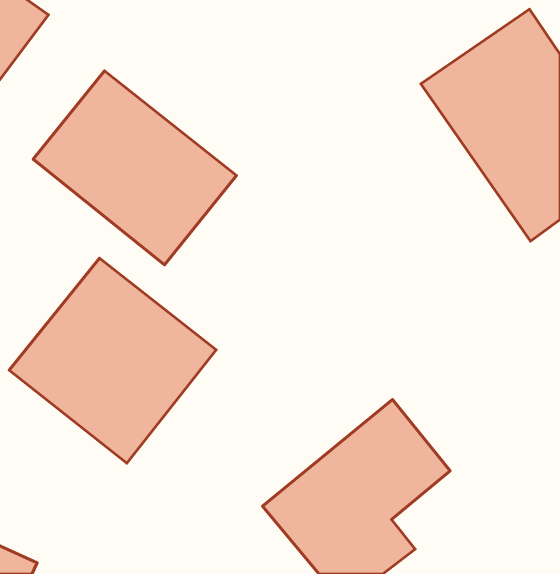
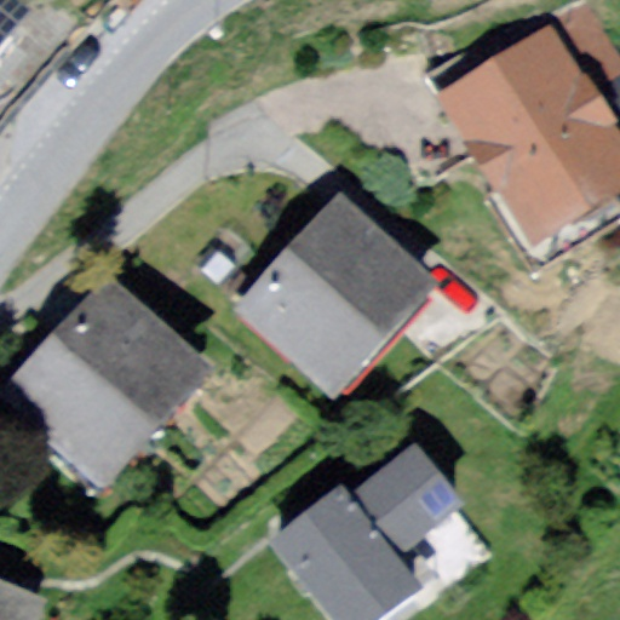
building: [33,71,236,265] -> none
building: none -> [241,189,457,404]

